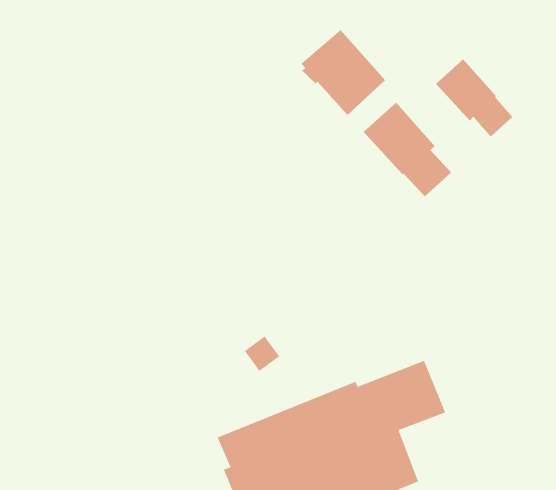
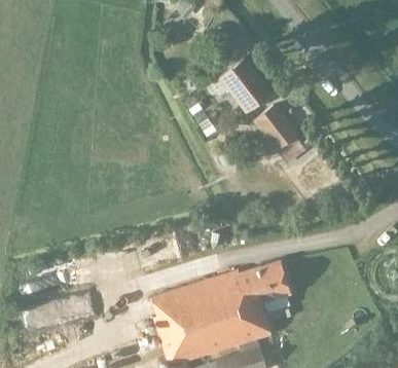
building: [435,58,513,137] -> none

